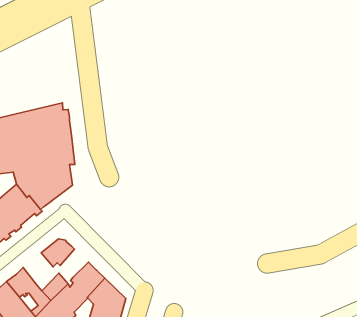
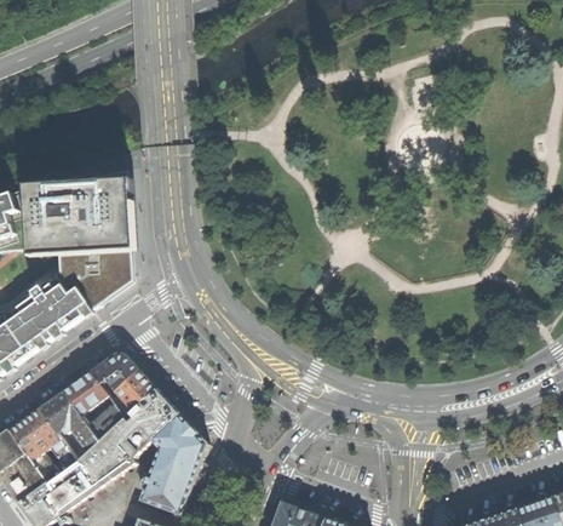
building: none -> [114,370,154,410]
building: none -> [62,372,109,416]

